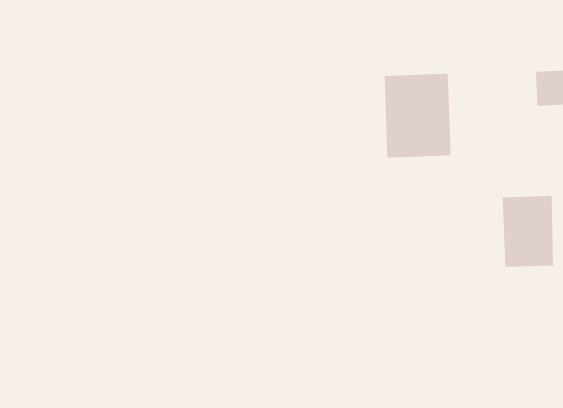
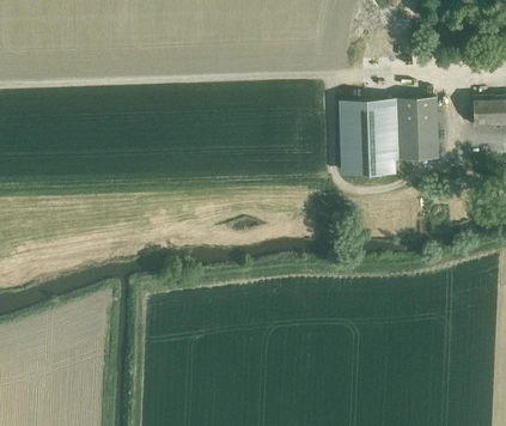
building: [502,196,554,267] -> [395,98,440,160]

